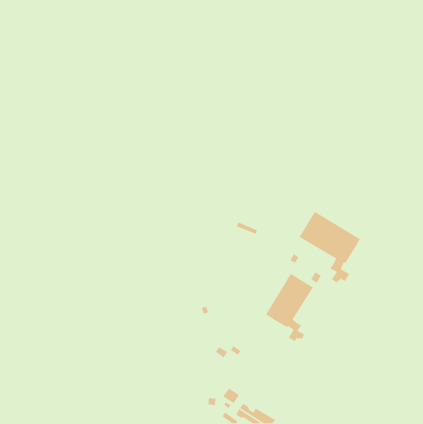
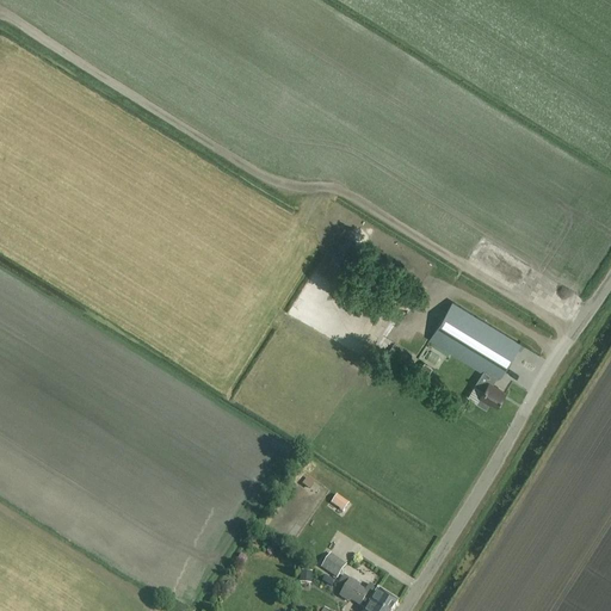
building: [265,273,314,342] -> none

